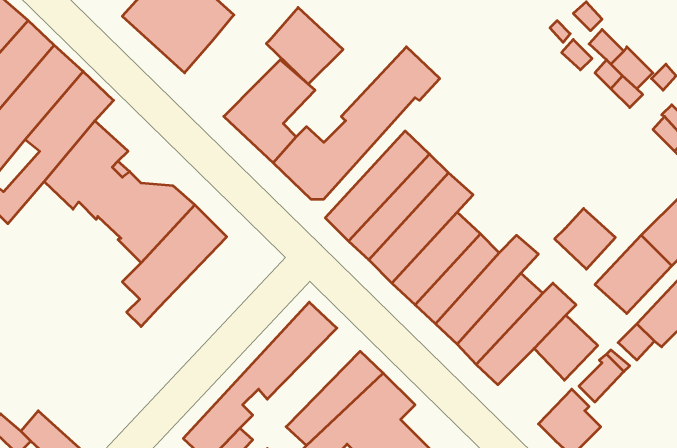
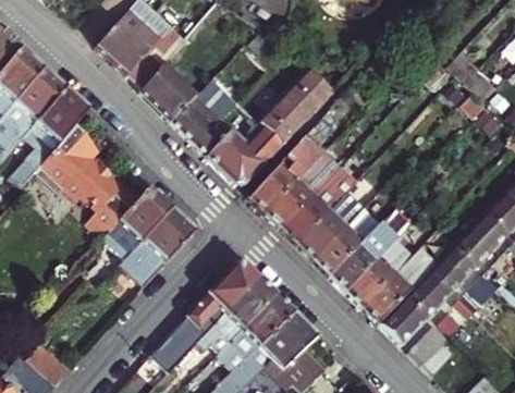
building: [266,7,343,84] -> [142,62,199,120]
building: [555,208,615,269] -> [430,246,476,292]
building: none -> [124,210,196,284]
building: none -> [203,279,275,353]
building: none -> [379,294,429,345]

